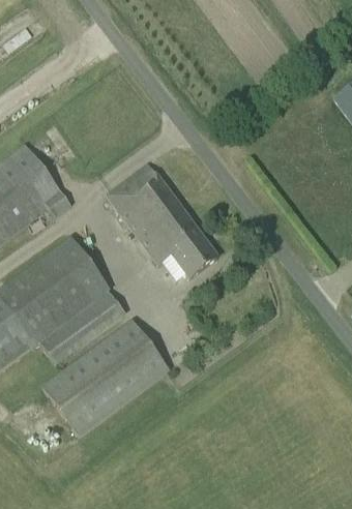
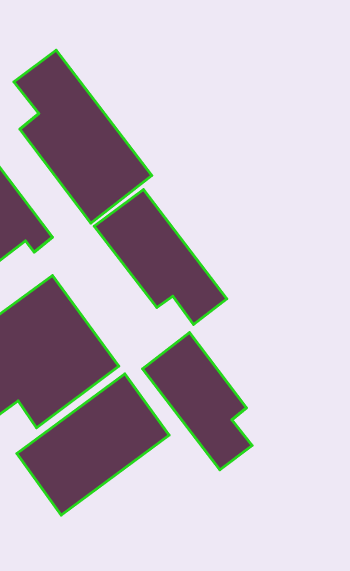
building: none -> [14,50,152,223]
building: none -> [143,332,252,470]

